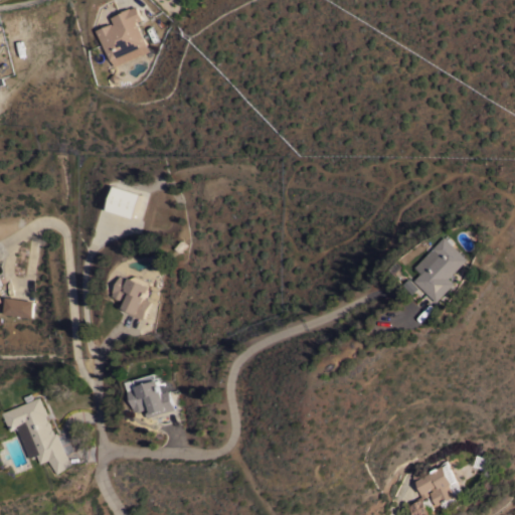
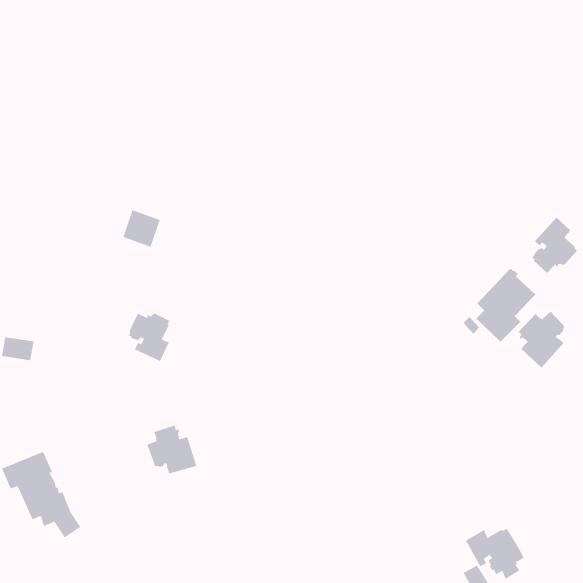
building: [96,7,147,68] -> none
building: none -> [532,217,578,274]
building: none -> [517,311,566,368]

